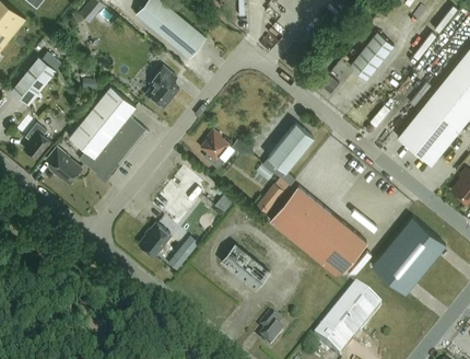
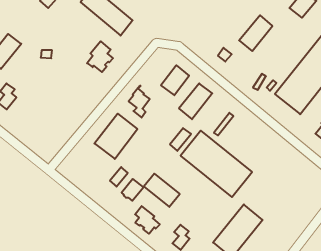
building: [69,85,146,180] -> none
building: none -> [161,65,189,95]
building: [48,147,81,183] -> none
building: [371,217,446,293] -> none
building: [141,223,171,253] -> [122,179,144,201]
building: none -> [135,206,160,234]

